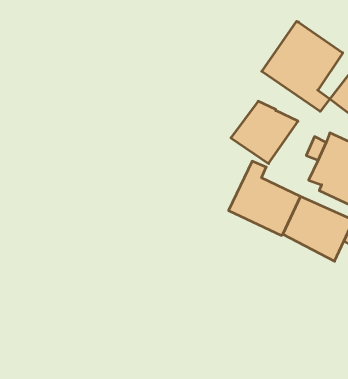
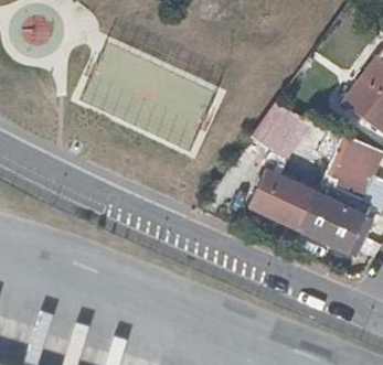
building: [262,21,343,111] -> none

